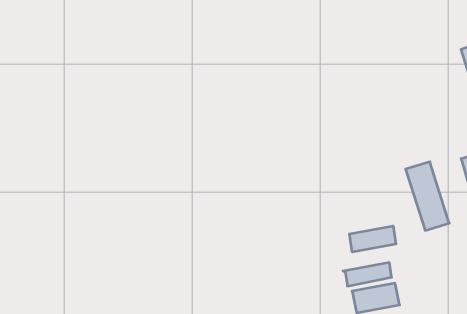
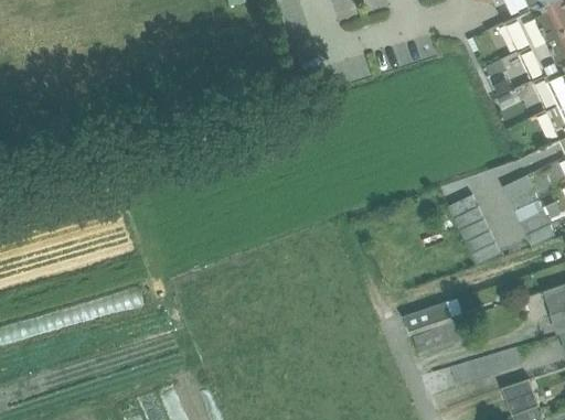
building: [349,226,396,252] -> none

